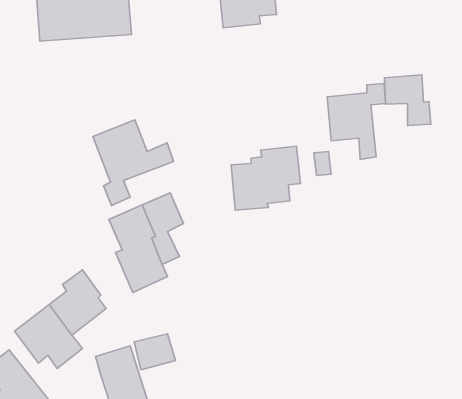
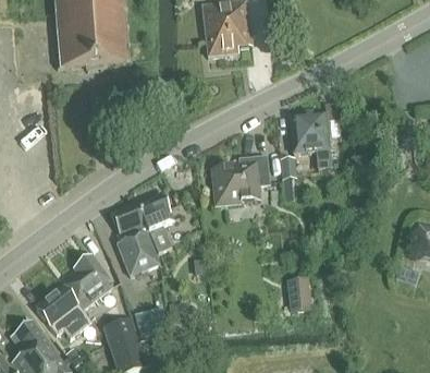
building: [384,75,431,126] -> none
building: [93,120,173,205] -> none
building: none -> [287,276,311,311]

